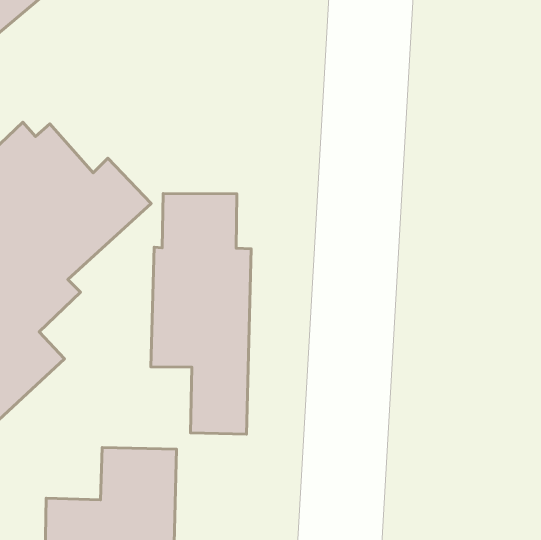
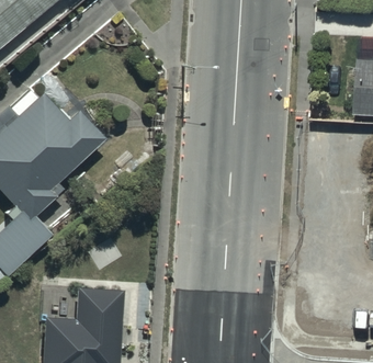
building: [151,194,251,434] -> none

